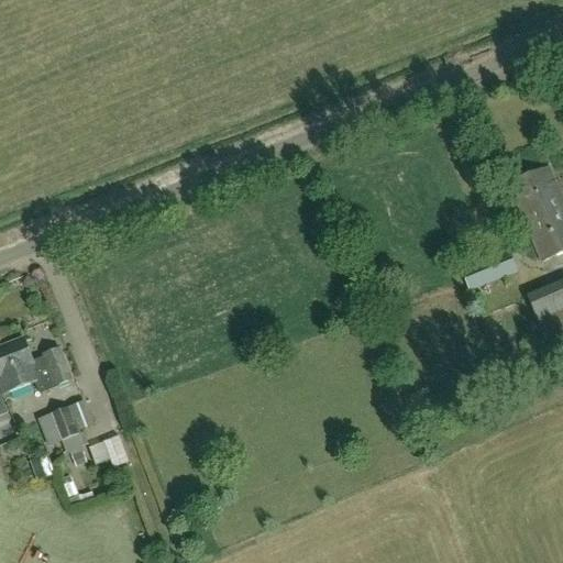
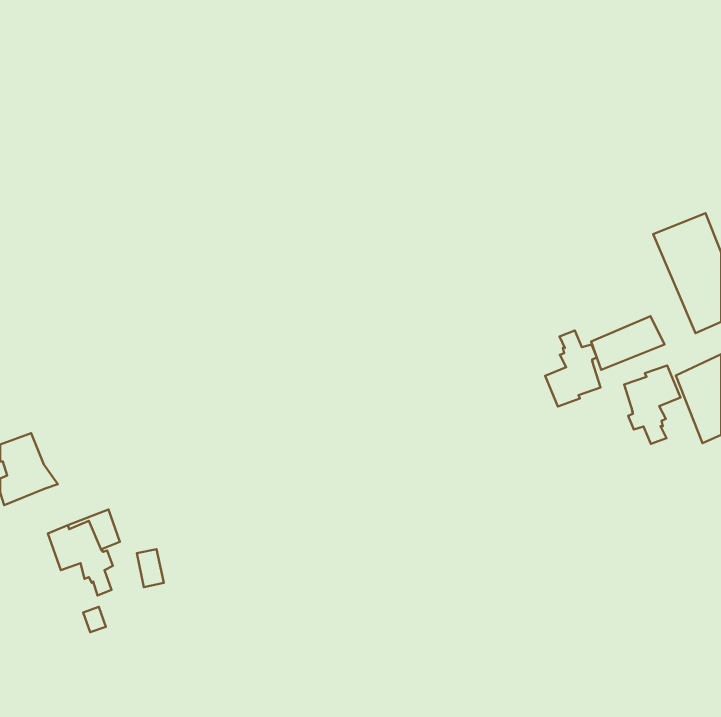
building: none -> [545,331,600,406]
building: none -> [624,365,681,444]
building: [34,347,73,391] -> none

